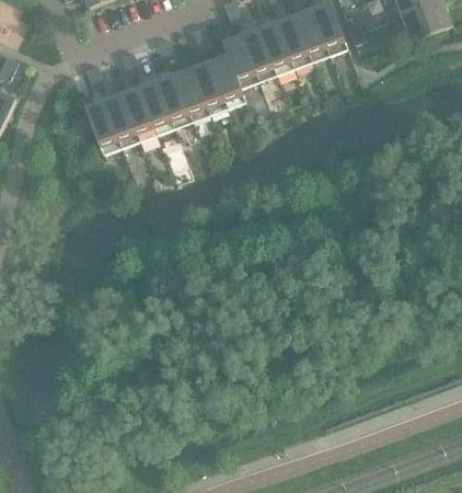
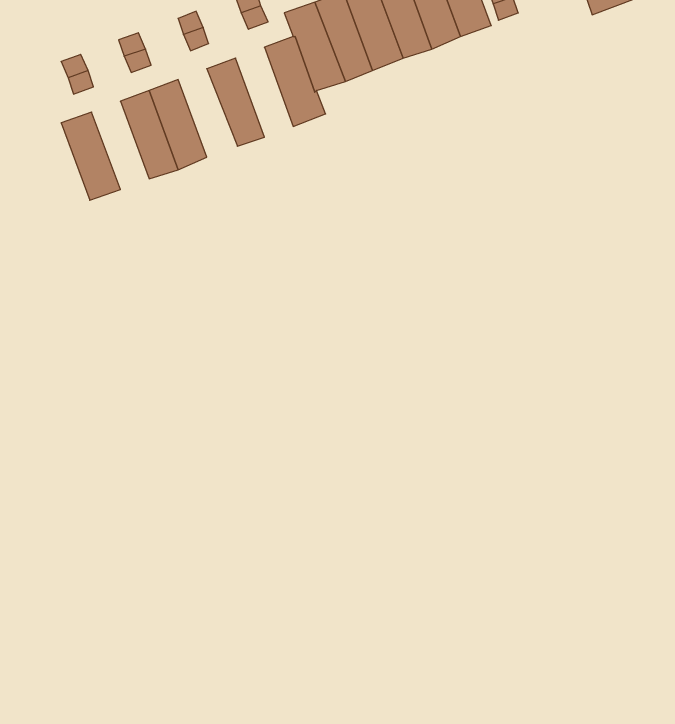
building: [193,60,228,115] -> none
building: [158,73,194,127] -> none
building: [105,93,140,147] -> none

